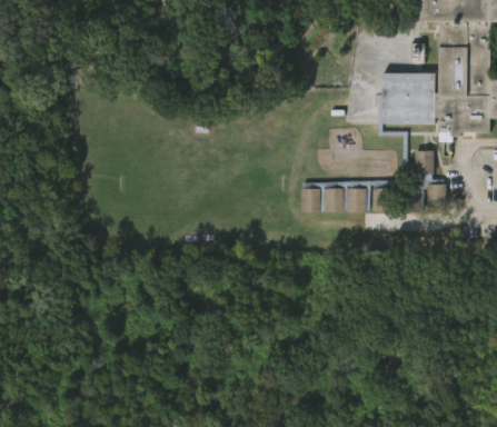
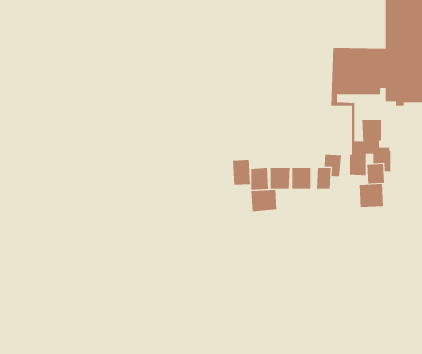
building: none -> [233,159,250,185]
building: none -> [359,183,384,208]
building: none -> [251,189,277,212]

